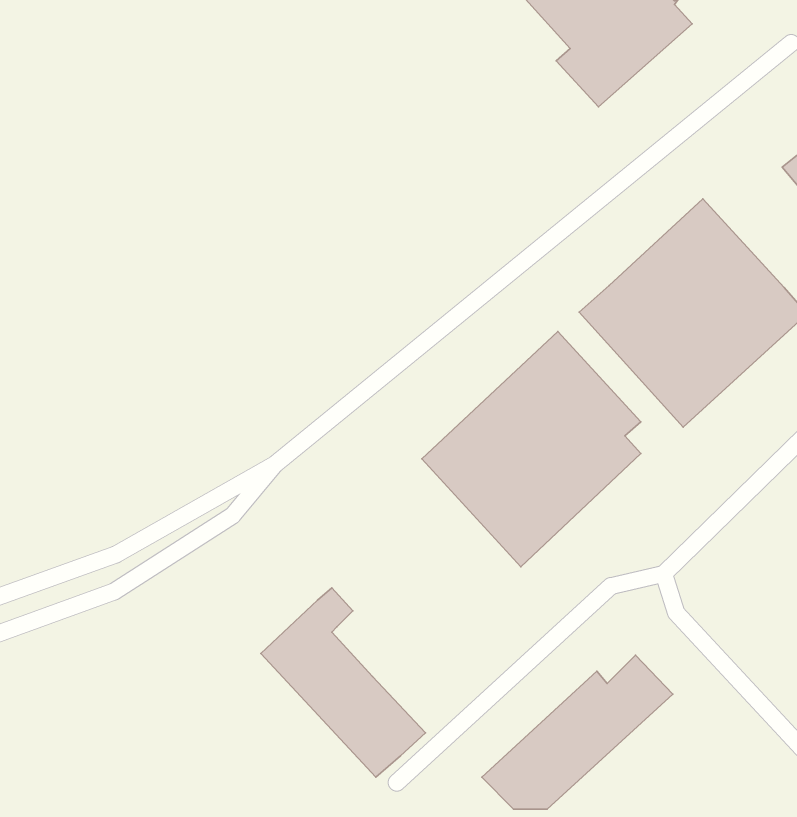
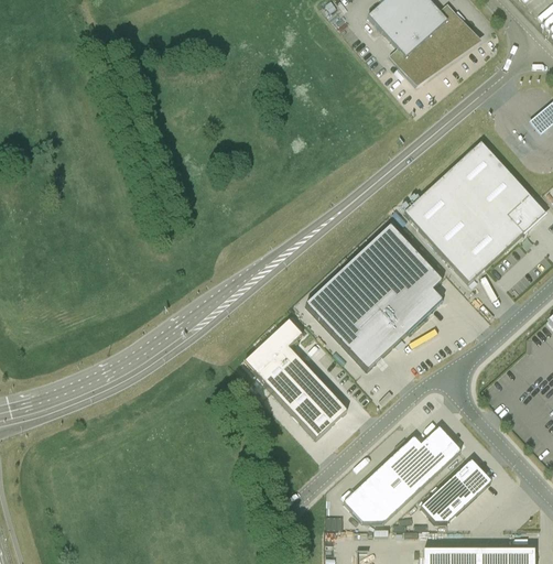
building: [261,588,425,777] -> [245,319,347,437]
building: none -> [420,458,491,521]

